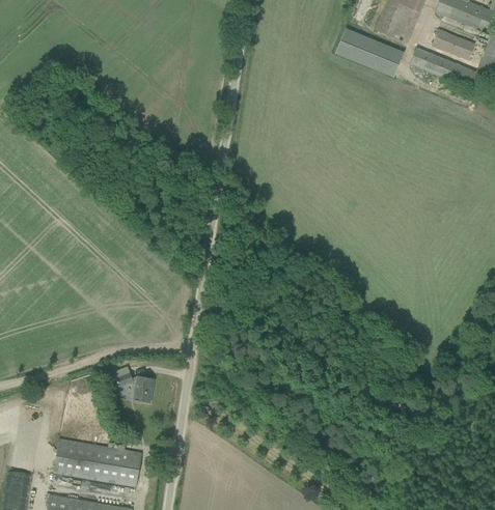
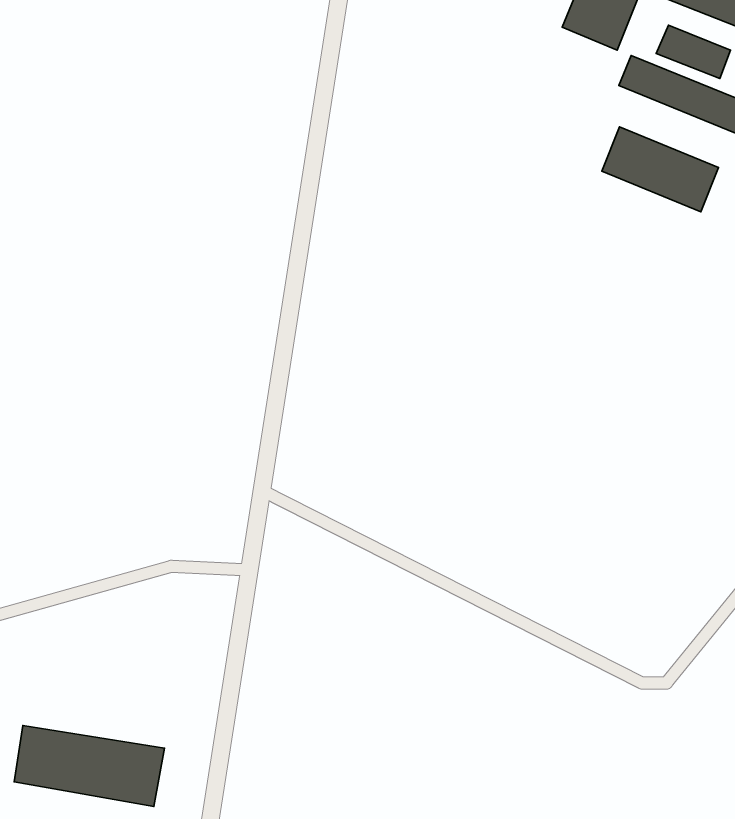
building: [335,27,404,77] -> [602,127,718,212]
building: [116,372,155,402] -> none

